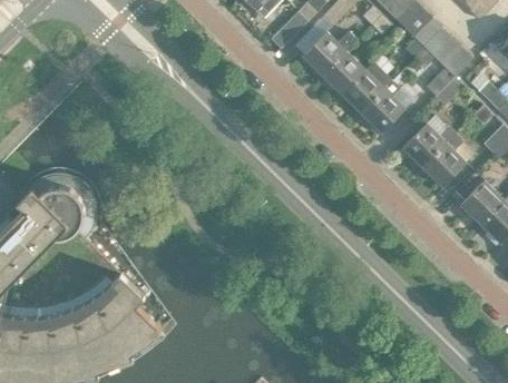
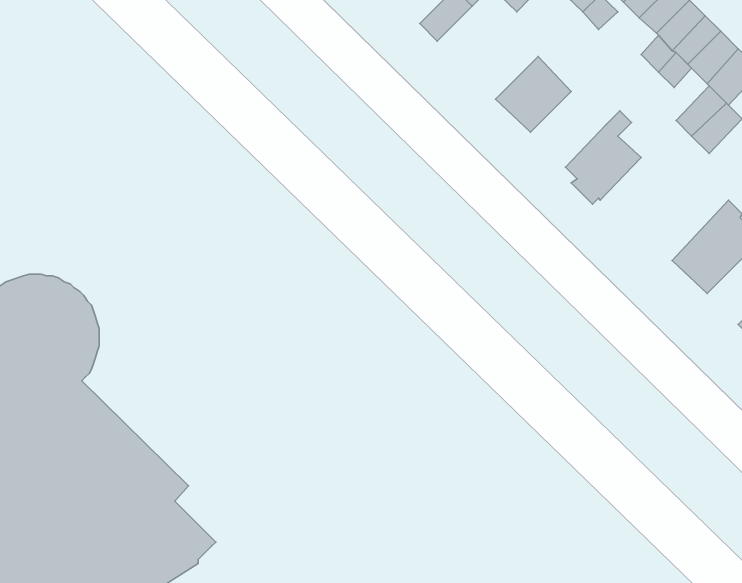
building: [300,31,355,75] -> none
building: [341,61,392,114] -> none
building: [402,115,455,167] -> none

